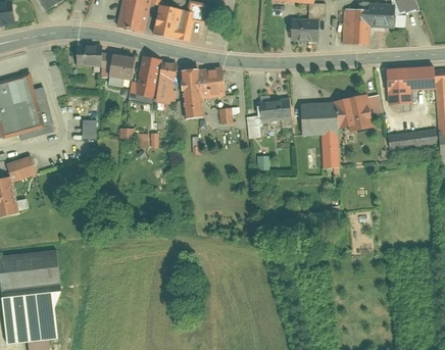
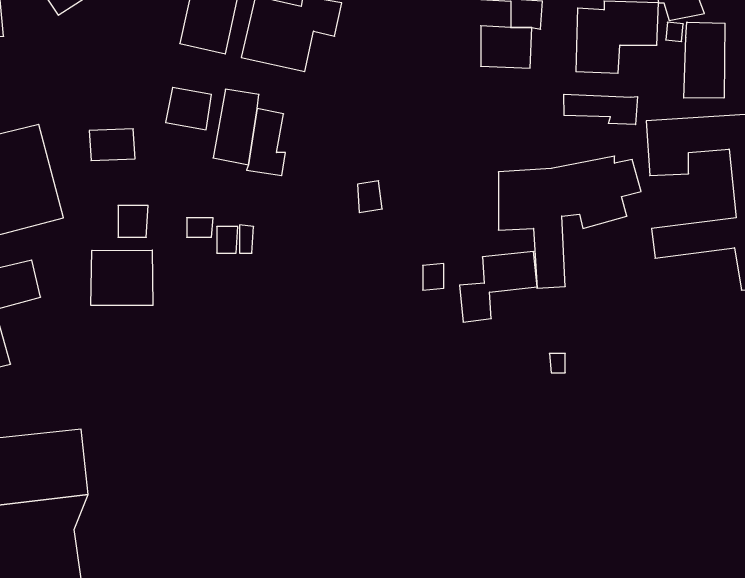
building: none -> [684,22,725,98]
building: [75,48,101,66] -> [89,129,135,161]
building: none -> [564,94,637,125]
building: [178,65,222,121] -> none
building: [246,98,291,139] -> [460,252,537,322]
building: none -> [91,250,153,305]

